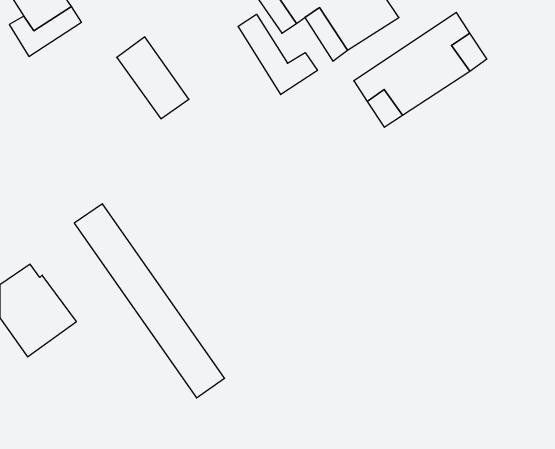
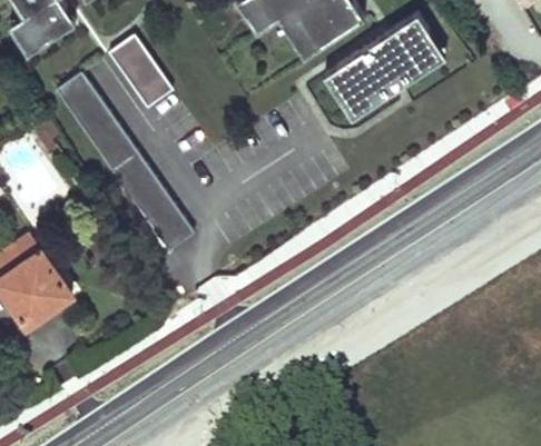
building: [238,14,317,95] -> none
building: [74,204,225,398] -> [57,73,194,250]

